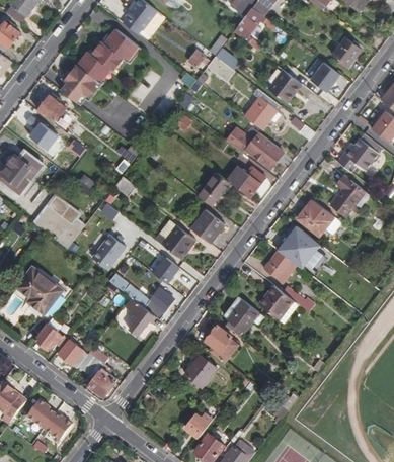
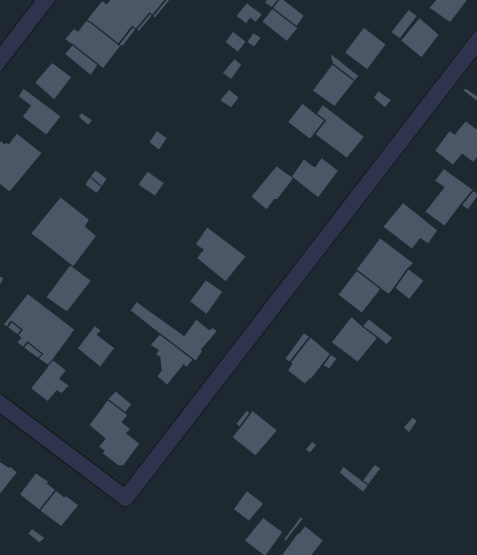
building: [190,209,224,243] -> none
building: [91,234,126,269] -> [45,265,92,312]
building: [205,325,237,362] -> none
building: [59,336,87,367] -> [77,325,115,367]

